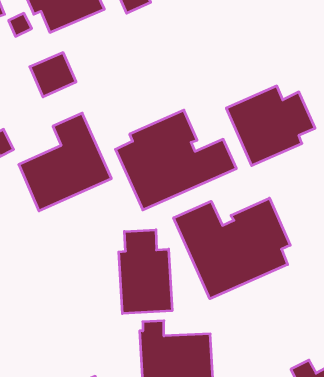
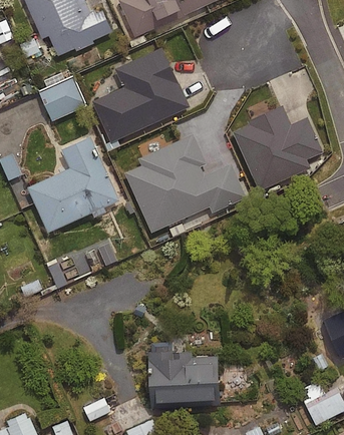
building: none -> [91,46,188,141]
building: [174,198,290,299] -> none
building: [119,230,172,314] -> none

